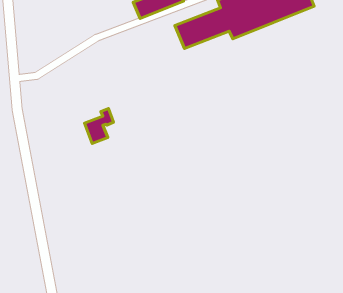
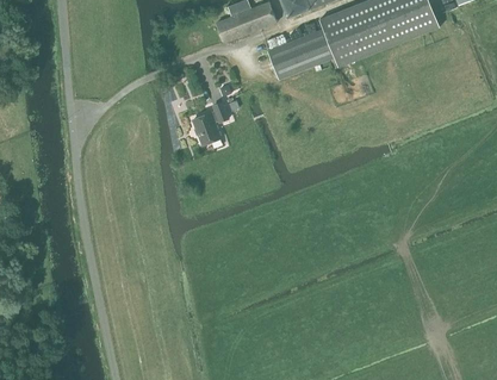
building: [84,109,114,143] -> [192,101,228,144]

